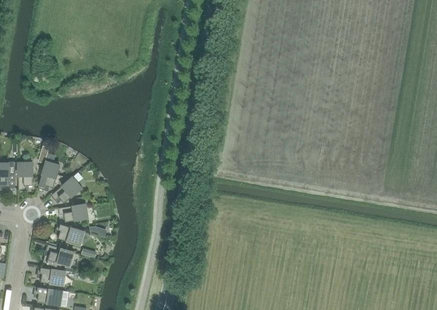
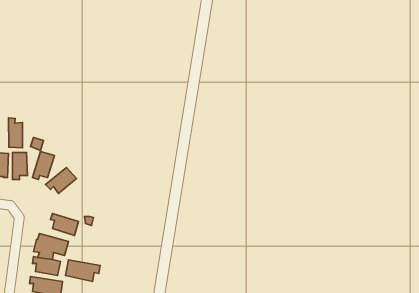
building: none -> [9,118,23,148]
building: [59,204,88,222] -> none
building: none -> [66,260,100,282]

